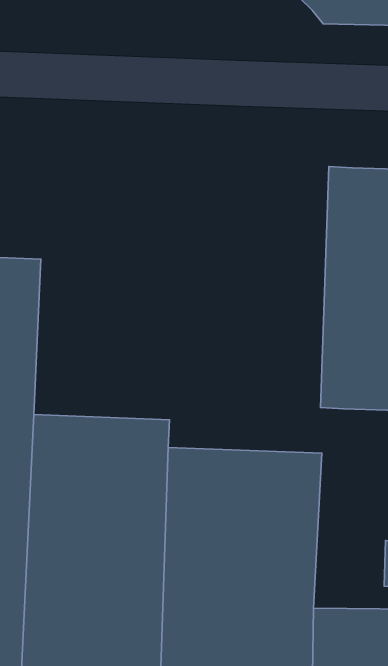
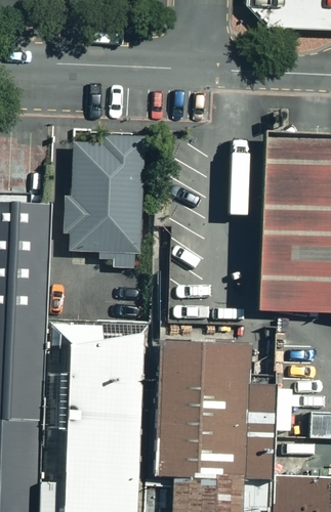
building: none -> [61,143,142,269]

